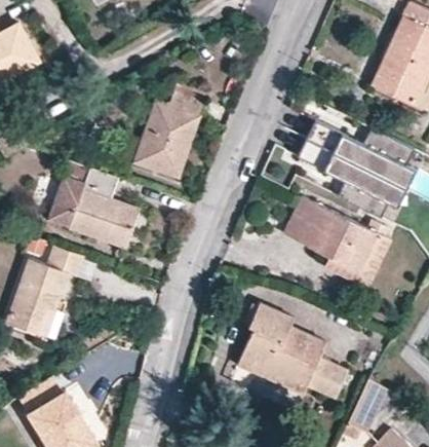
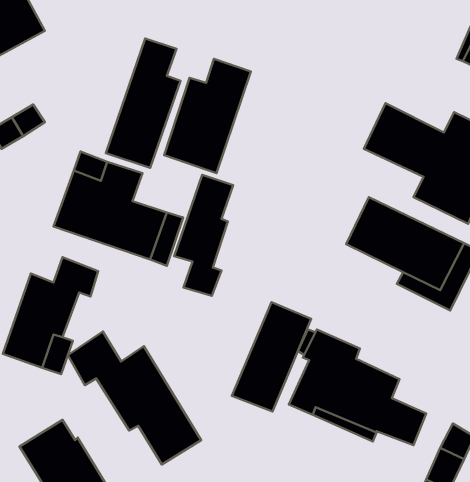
building: none -> [106,38,180,168]
building: none -> [174,175,233,296]
building: none -> [232,302,311,411]
building: none -> [68,332,201,465]

